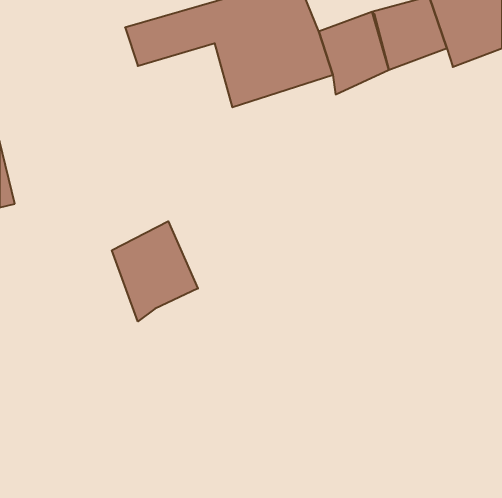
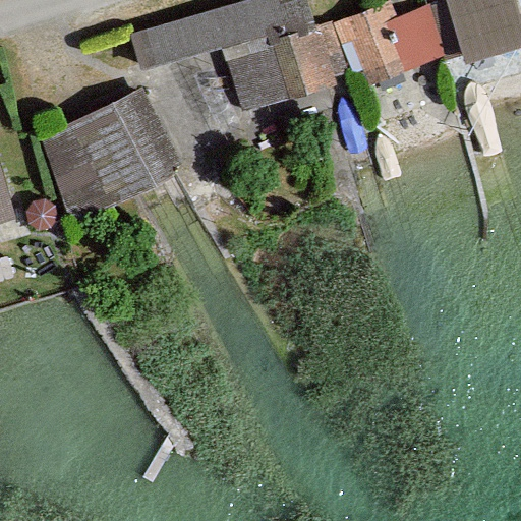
building: none -> [40,85,184,229]
building: [112,221,198,321] -> none

